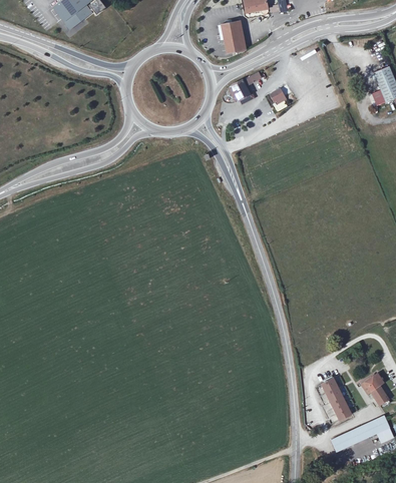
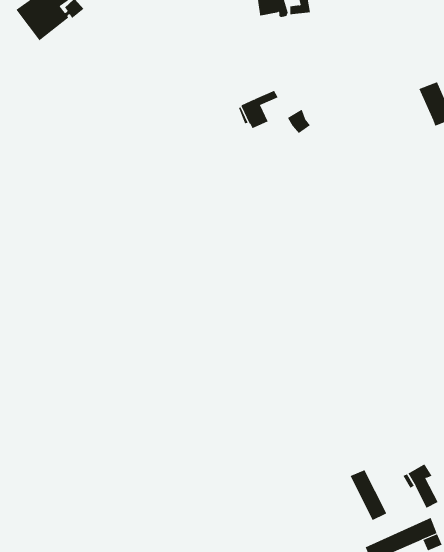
building: [222,21,244,53] -> none

